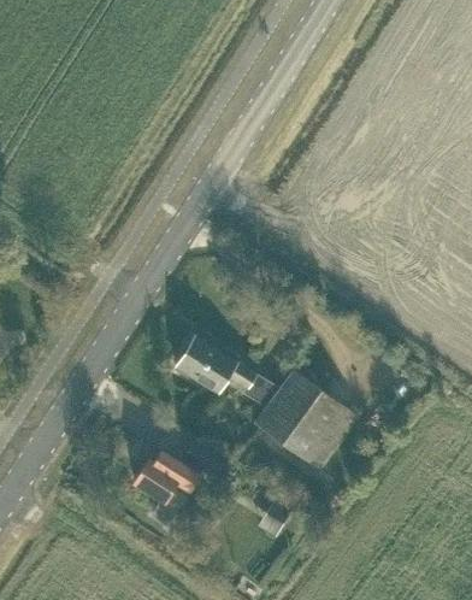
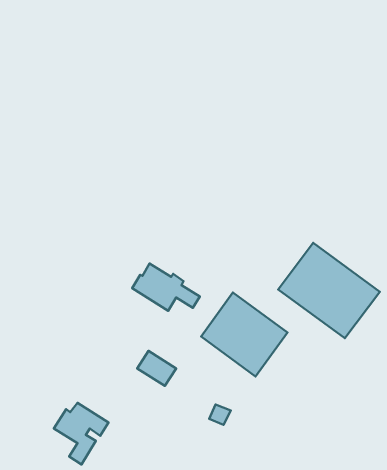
building: none -> [278,243,380,338]
building: [132,454,196,527] -> [54,403,108,465]

